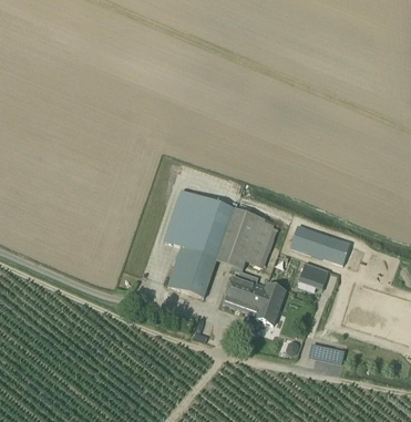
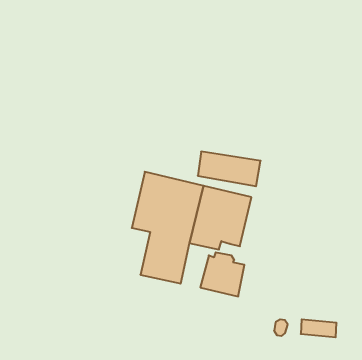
building: [291,225,351,263] -> [198,152,261,186]
building: [298,261,329,288] -> none
building: [255,284,285,323] -> none

